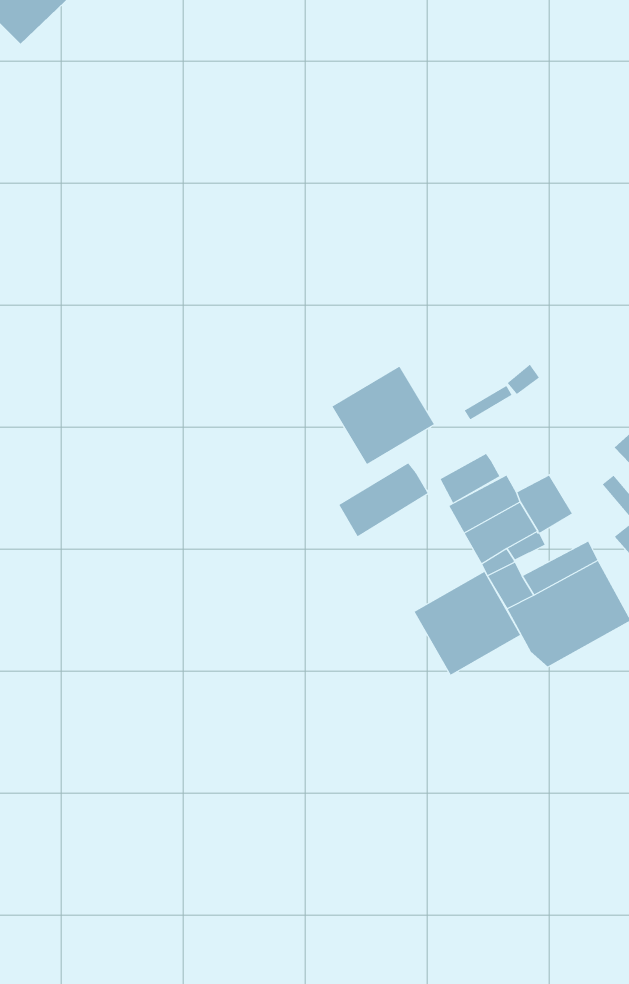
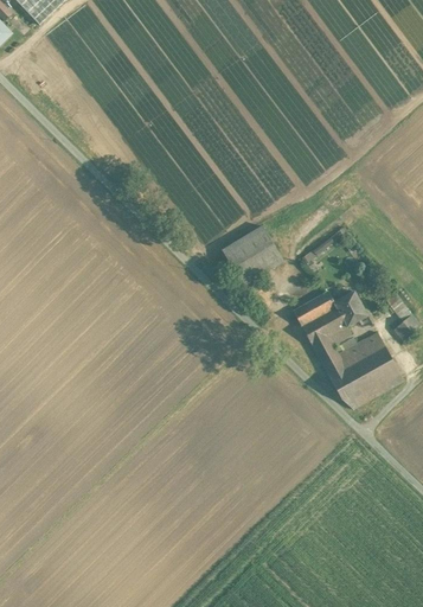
building: [440,453,500,503] -> none
building: [339,463,429,537] -> none
building: [414,571,521,675] -> none

